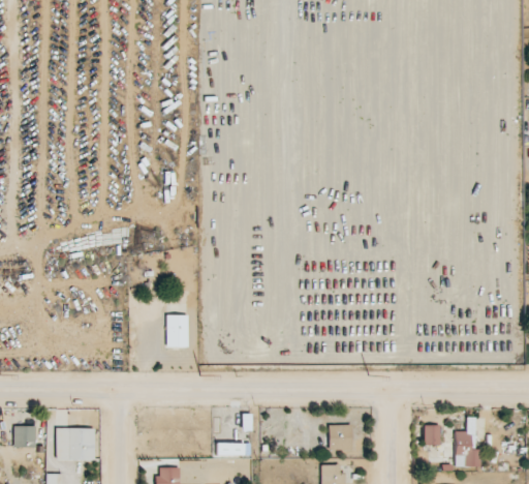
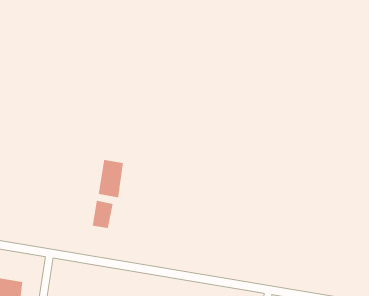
building: none -> [98,159,124,198]

